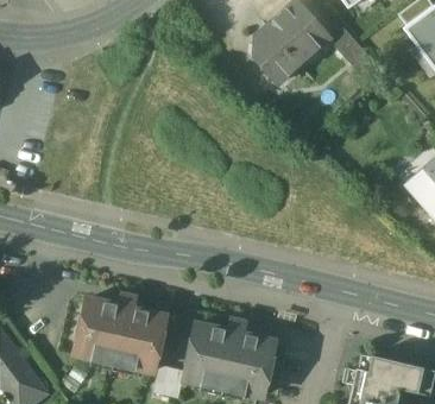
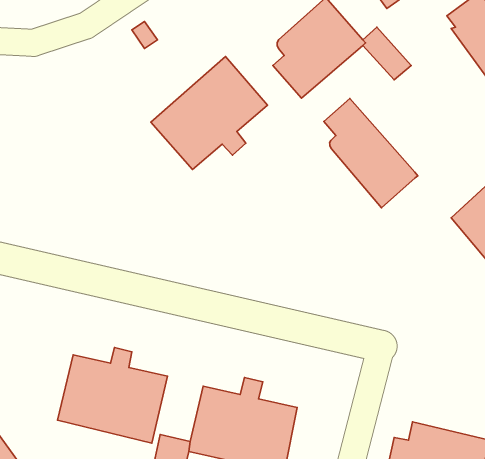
building: none -> [151,57,268,170]
building: none -> [324,99,418,208]

